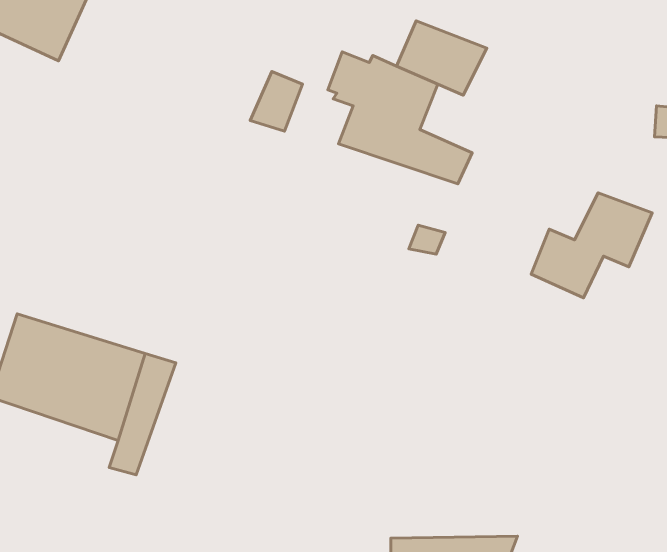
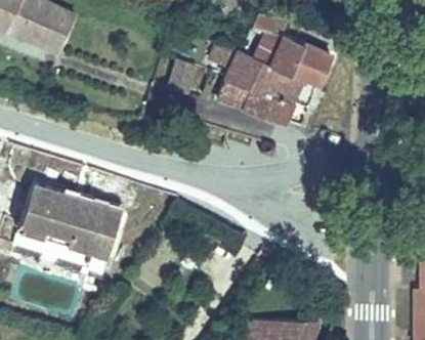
building: [531,193,652,298] -> [262,45,331,104]

